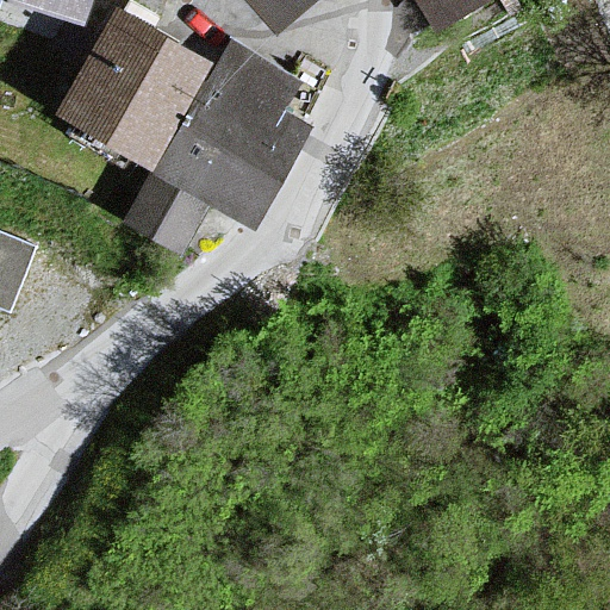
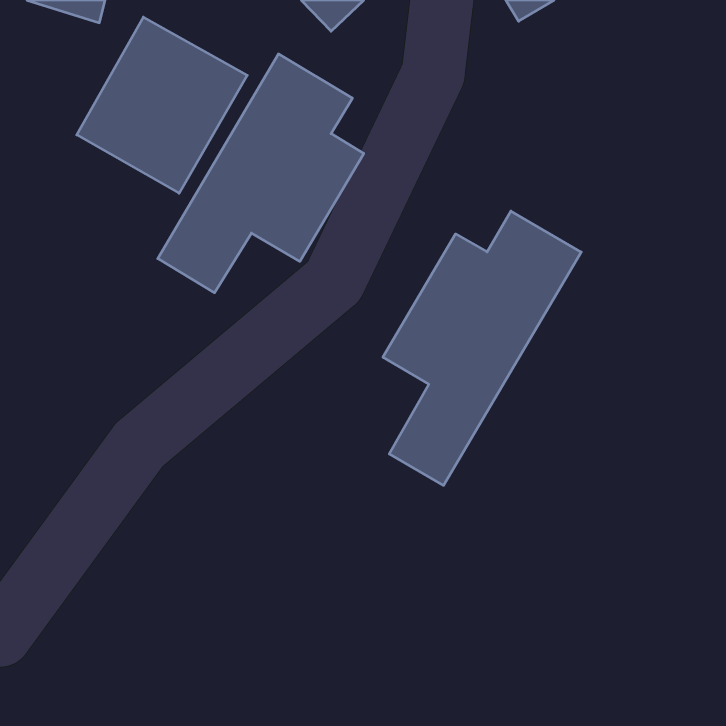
building: none -> [383,211,581,485]

